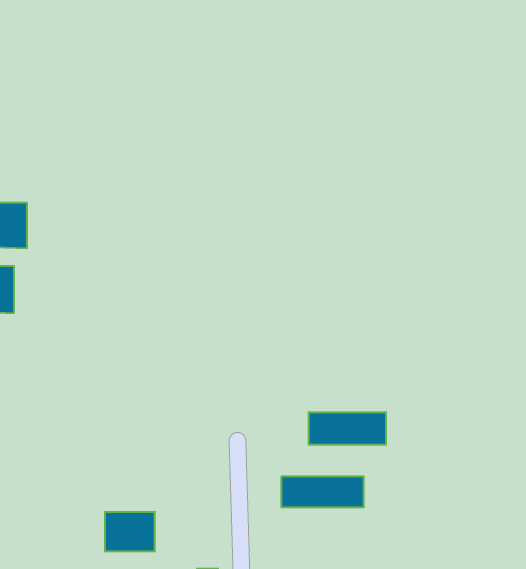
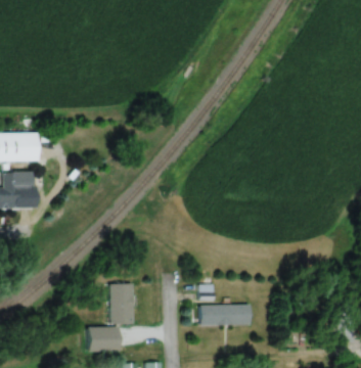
building: [309,412,386,445] -> none
building: none -> [109,284,133,324]

